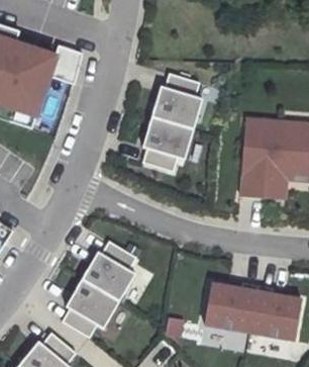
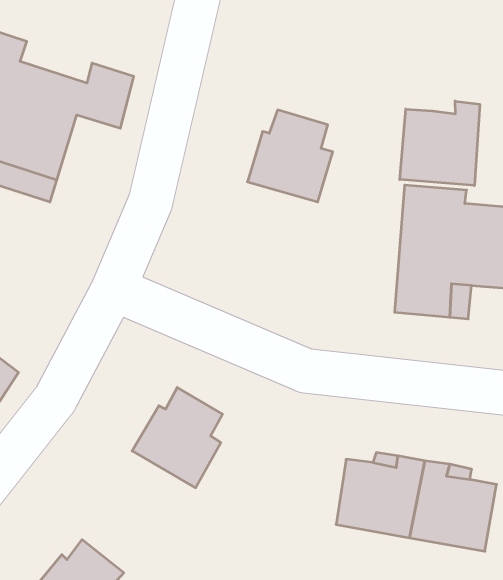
building: none -> [400,101,480,186]
building: [142,115,194,171] -> none
building: [62,278,120,338] -> none

